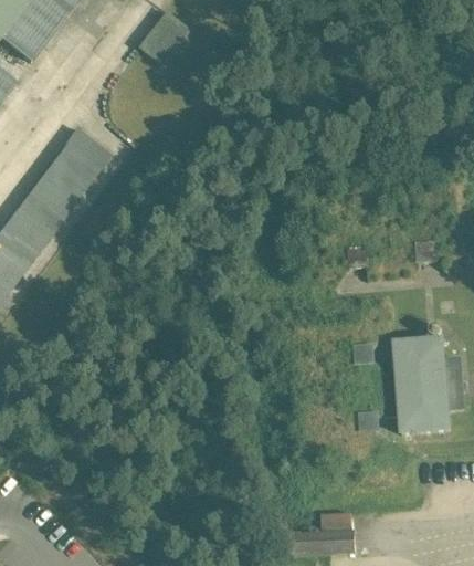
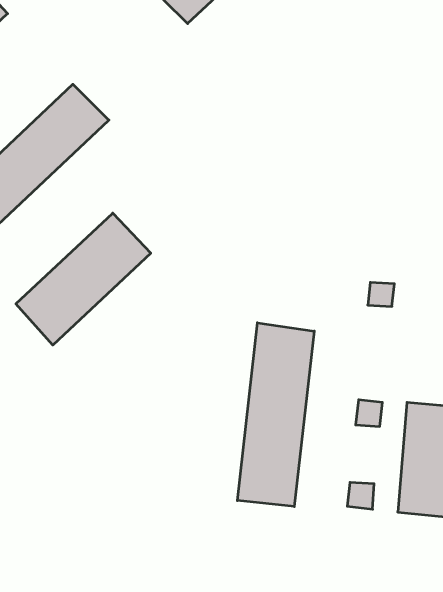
building: none -> [16,213,151,345]
building: none -> [237,323,314,507]

